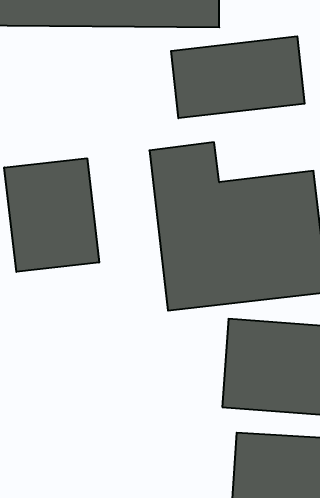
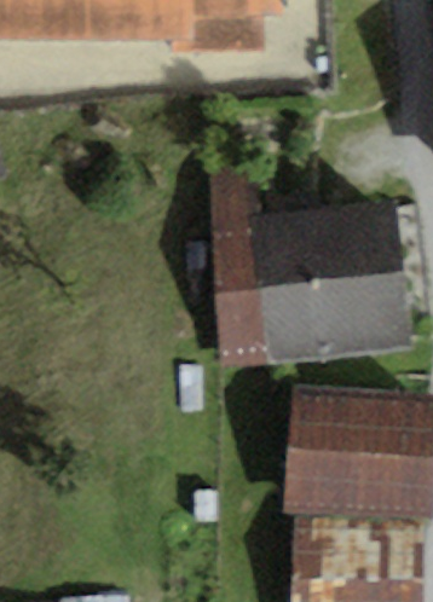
building: [171,36,305,118] -> none
building: [4,158,99,272] -> none

